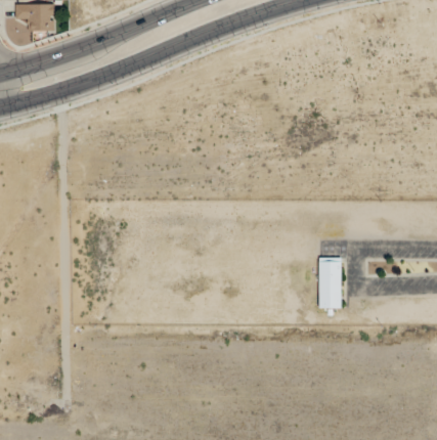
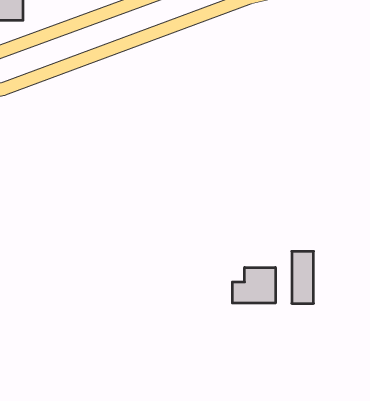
building: none -> [232,267,275,303]

